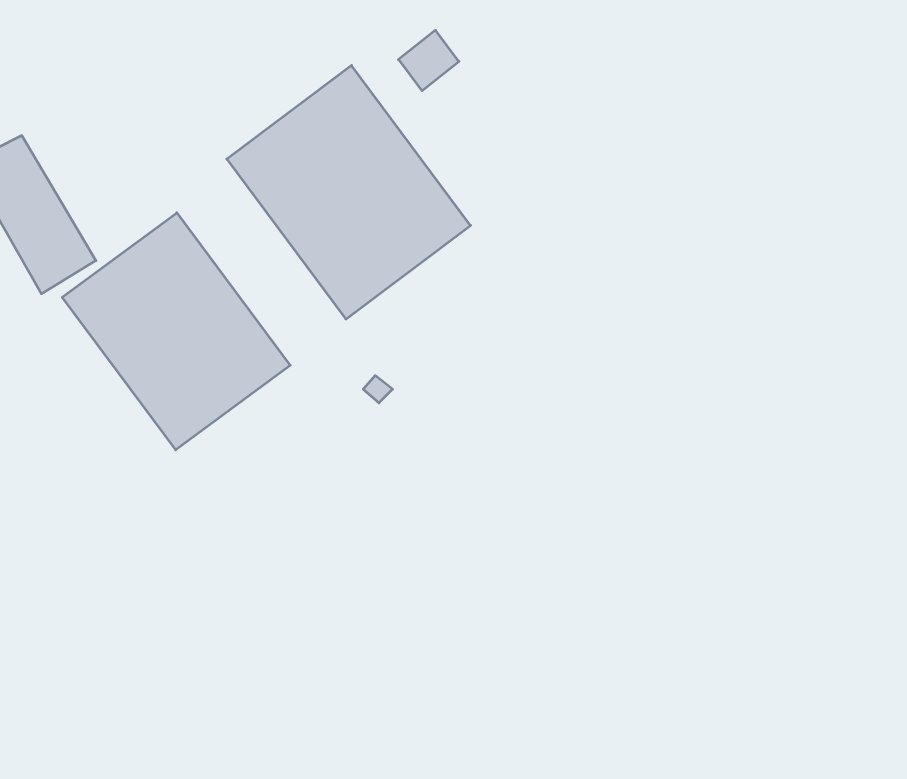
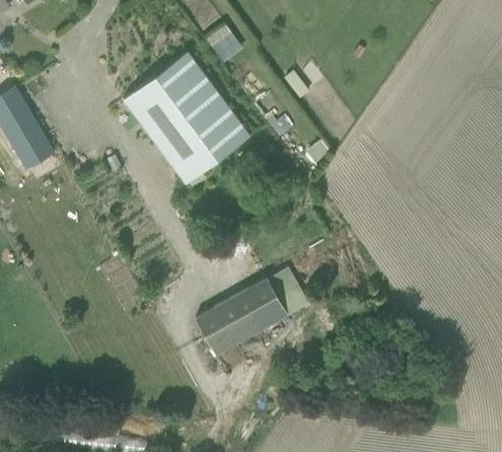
building: [62,213,290,450] -> none
building: none -> [194,269,308,359]

